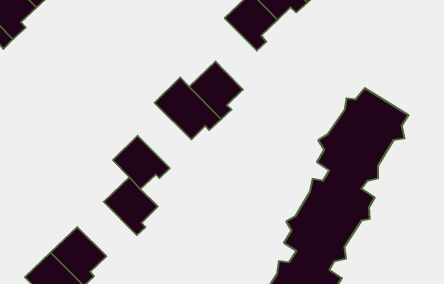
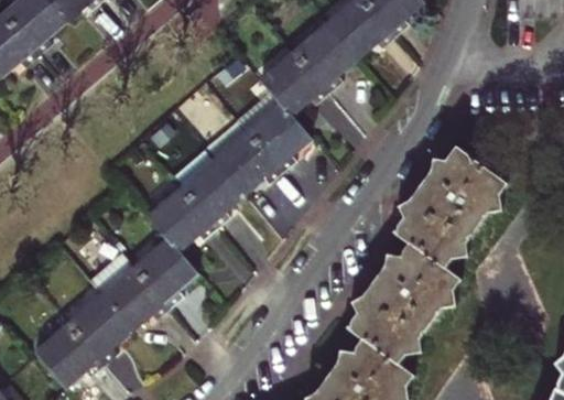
building: none -> [259,50,329,113]
building: none -> [169,145,243,227]
building: none -> [85,247,170,328]

